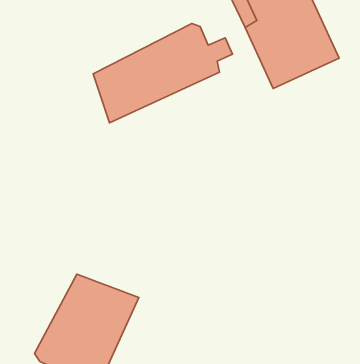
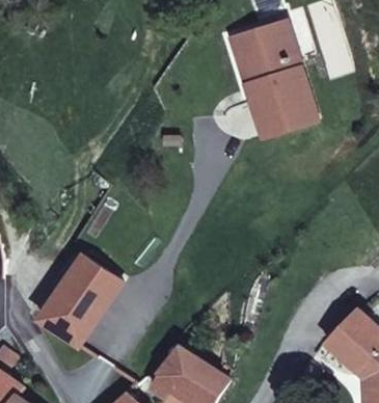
building: [93,24,232,123] -> none

